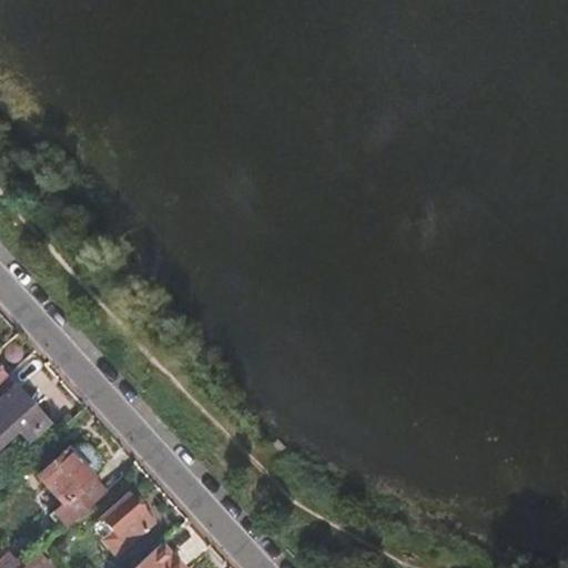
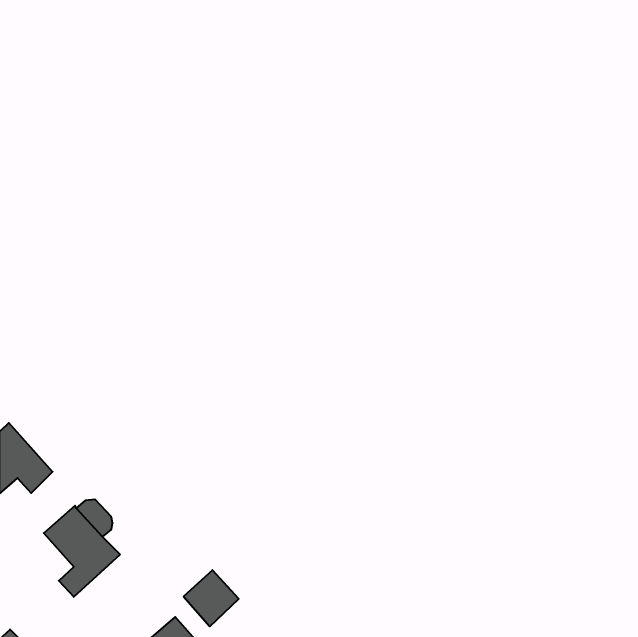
building: [103,496,152,546] -> [184,570,239,626]

